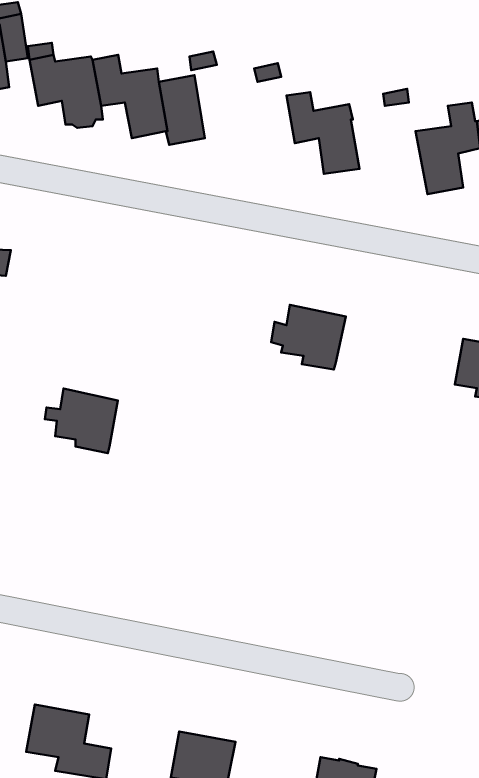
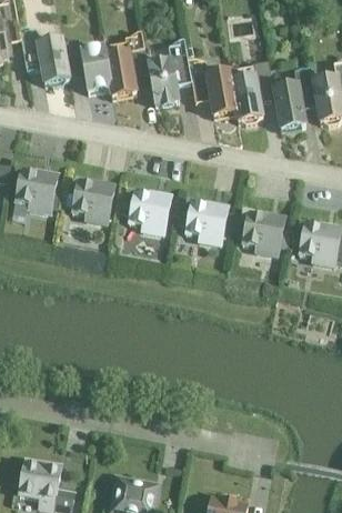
building: none -> [148,60,179,104]
building: none -> [231,76,262,123]
building: none -> [14,170,60,212]
building: none -> [119,191,170,233]
building: none -> [242,212,291,254]
building: [45,389,118,453] -> [66,180,113,222]

